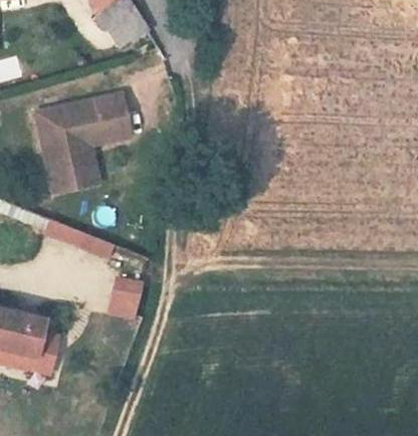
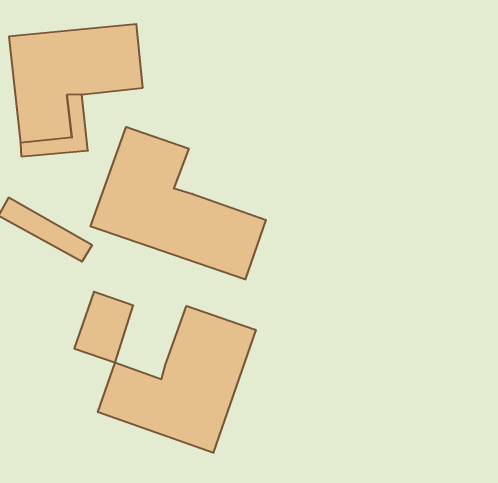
building: none -> [90,127,266,280]
building: none -> [98,306,256,453]

